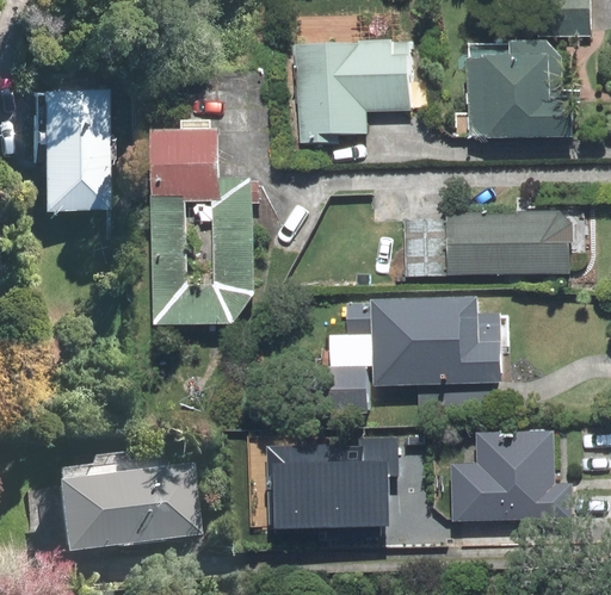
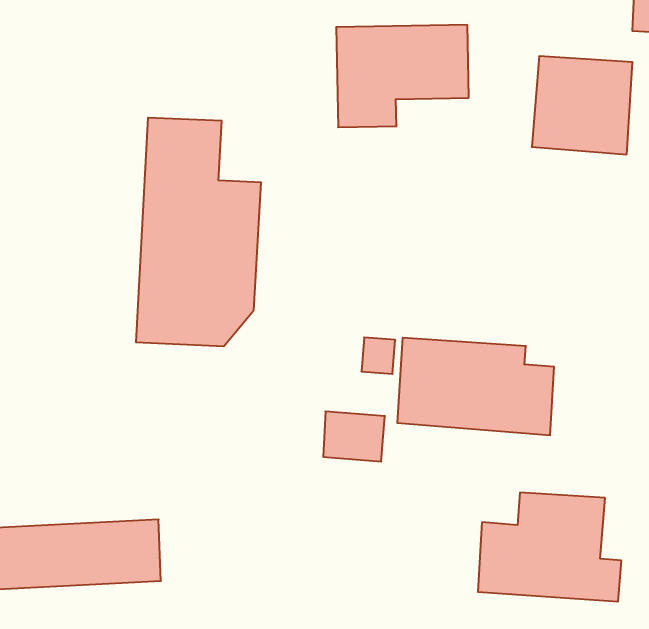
building: [33,88,95,204] -> none
building: [412,222,566,272] -> none
building: [273,435,405,531] -> none

